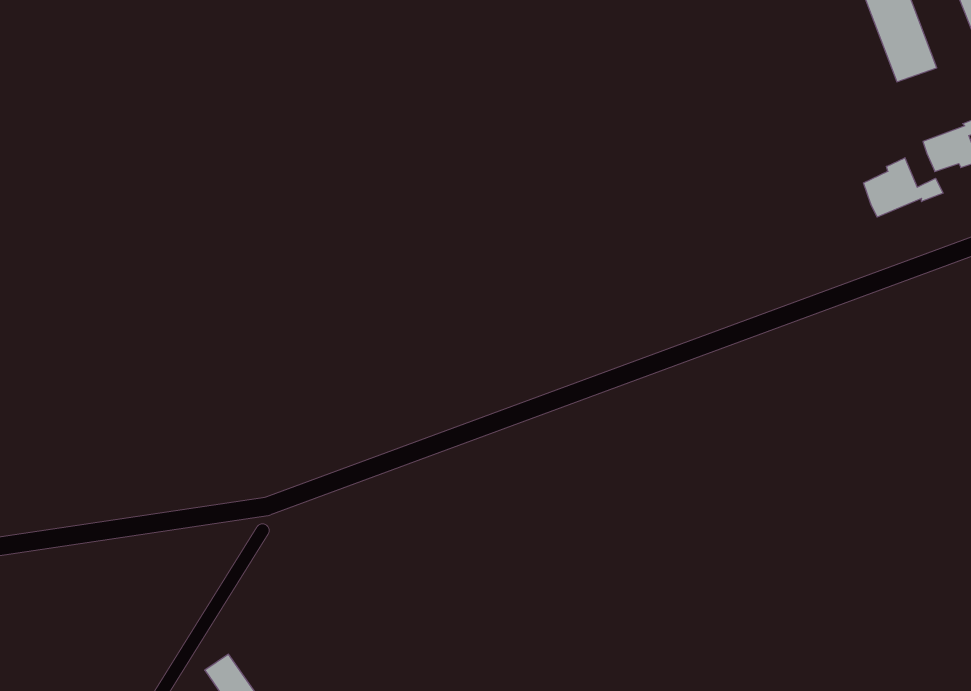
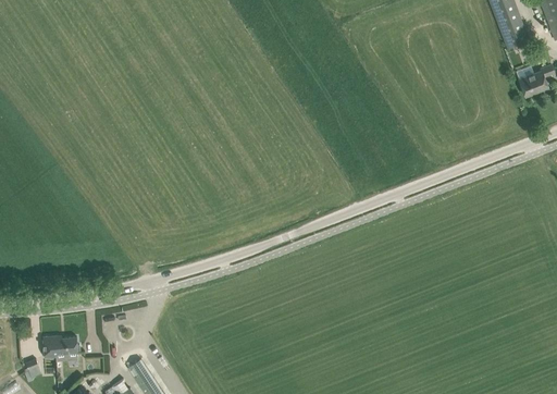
building: [863,158,943,217] -> none
building: none -> [44,334,81,356]

